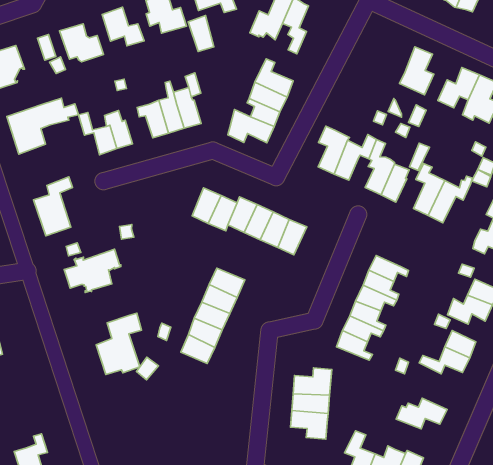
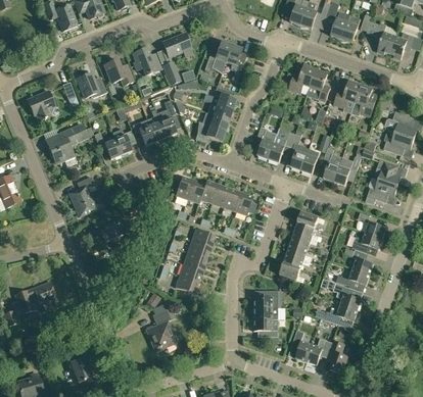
building: none -> [289,65,316,93]
building: [96,313,141,375] -> [146,306,177,349]
building: none -> [333,283,361,310]

